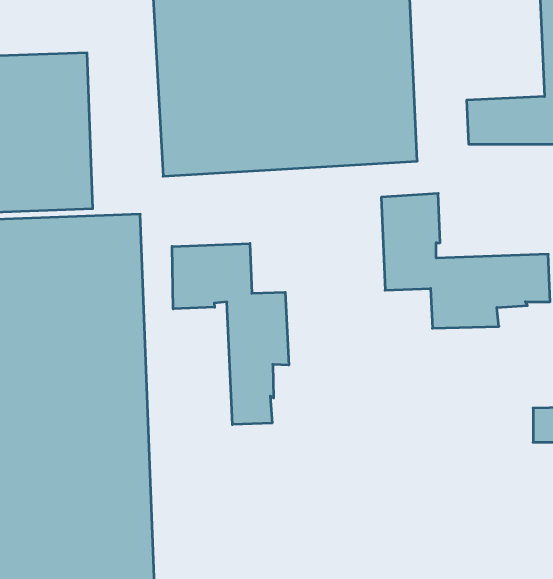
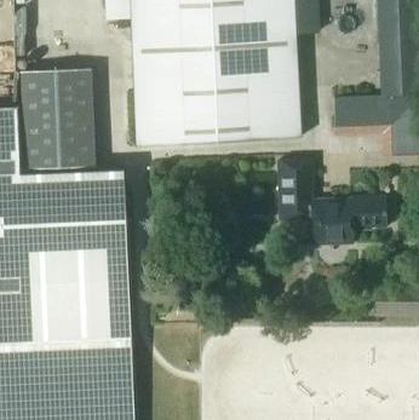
building: [172,243,289,425] -> none

